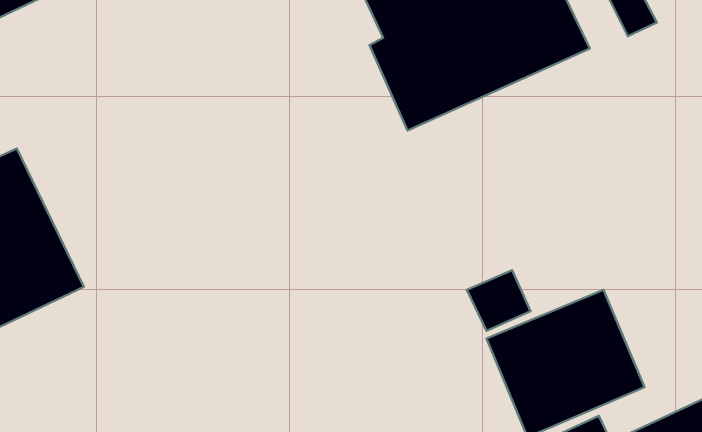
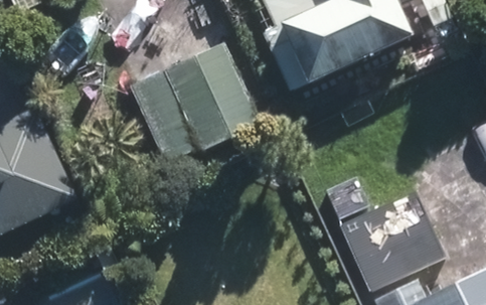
building: none -> [131,43,263,166]

